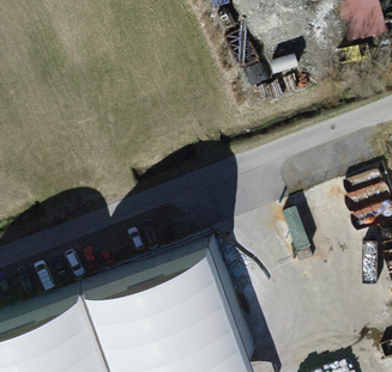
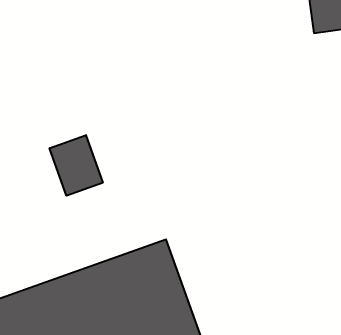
building: none -> [50,135,103,196]

